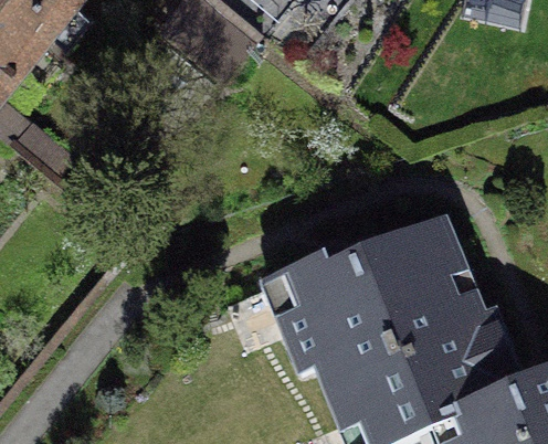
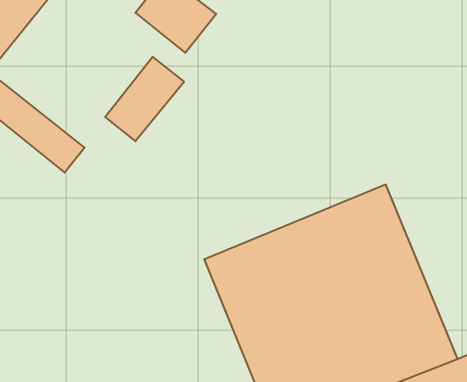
building: none -> [105,57,184,141]

